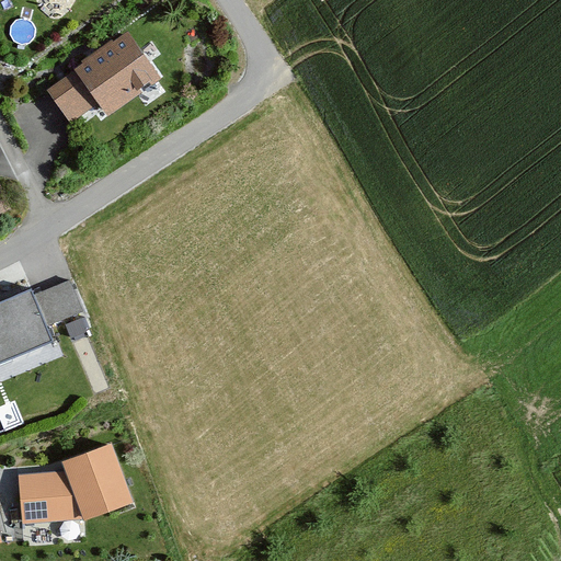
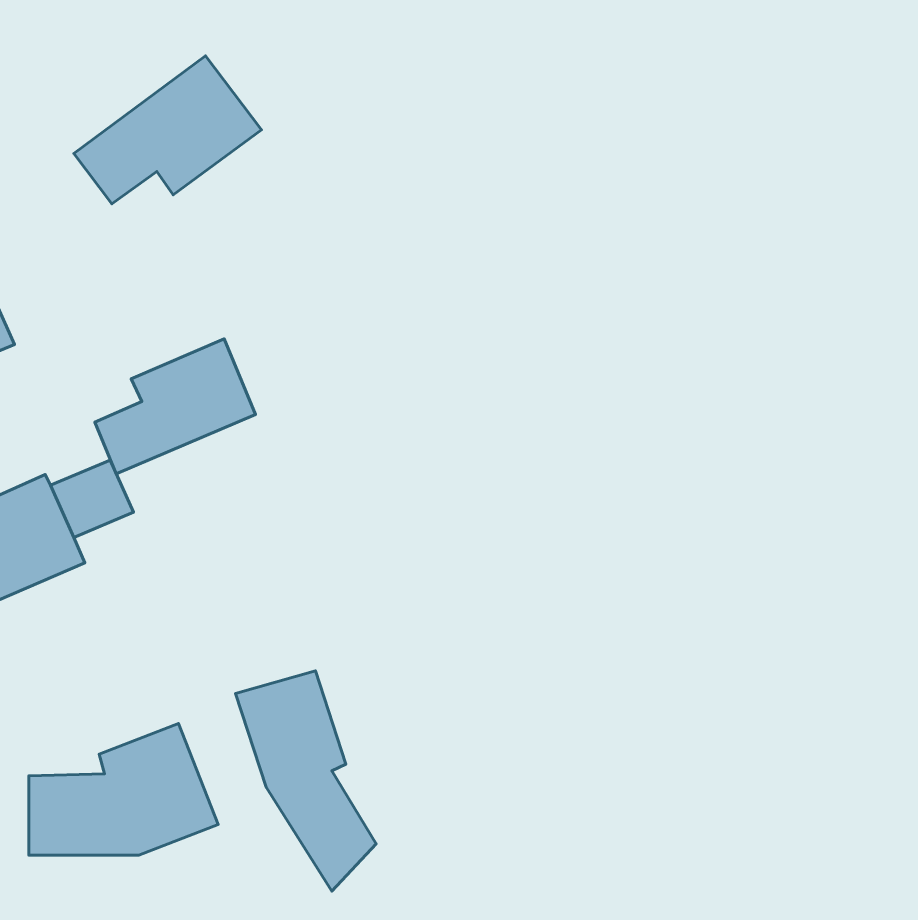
building: none -> [95,339,255,474]
building: none -> [236,671,376,891]

